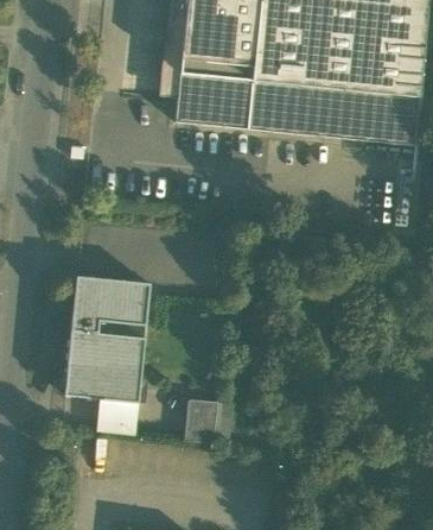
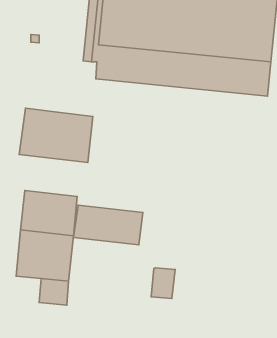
building: none -> [19,108,93,162]
building: none -> [73,205,143,245]
building: [184,398,217,441] -> [151,268,175,299]

